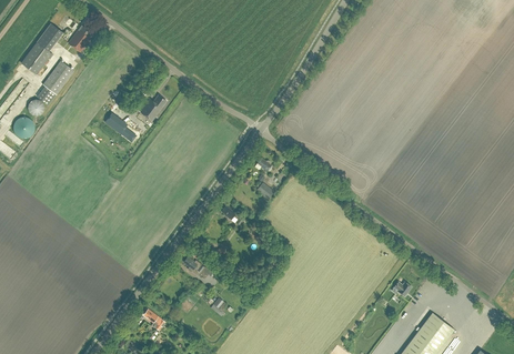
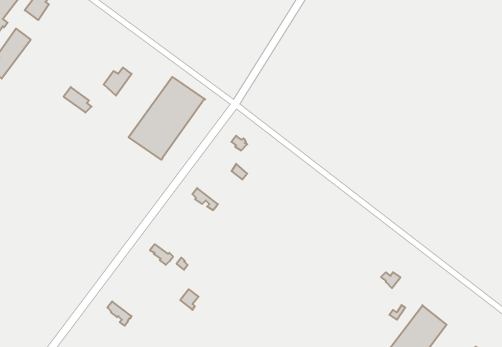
building: none -> [129,77,205,160]

